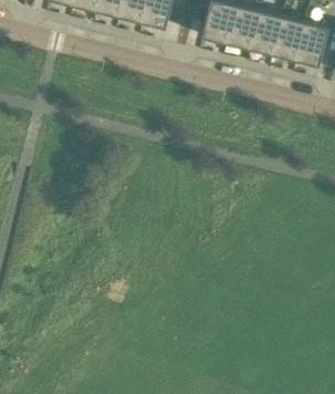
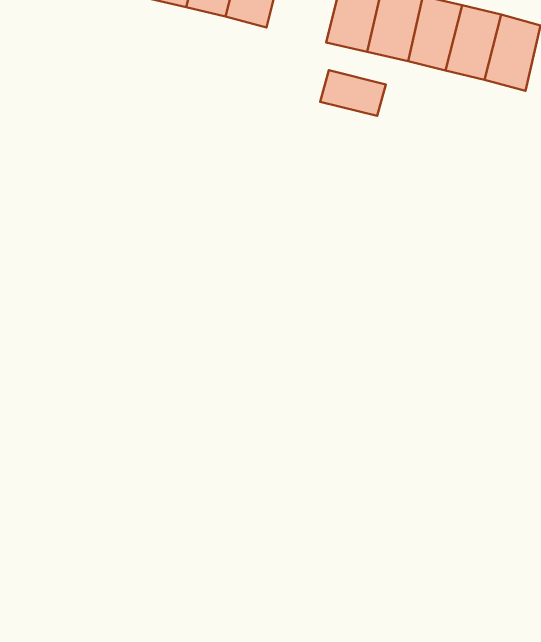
building: none -> [320,70,386,116]

